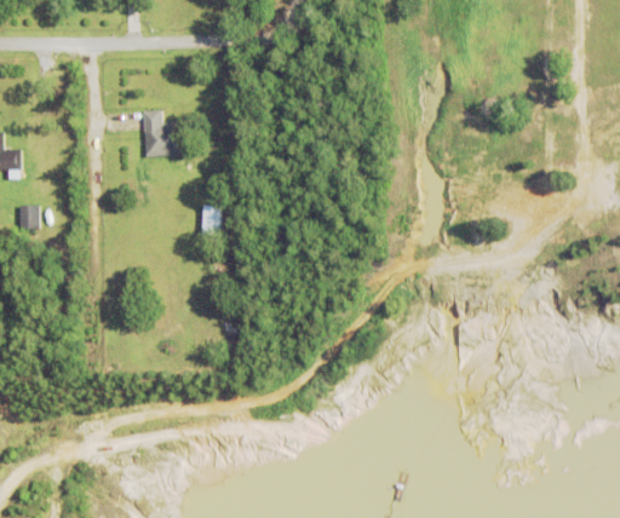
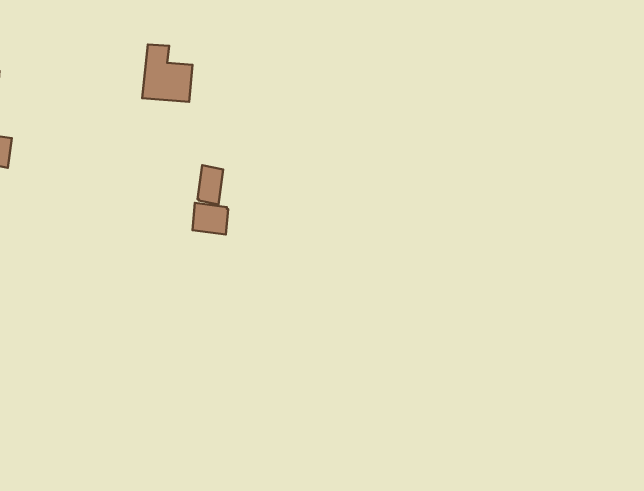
building: none -> [192,203,228,235]

